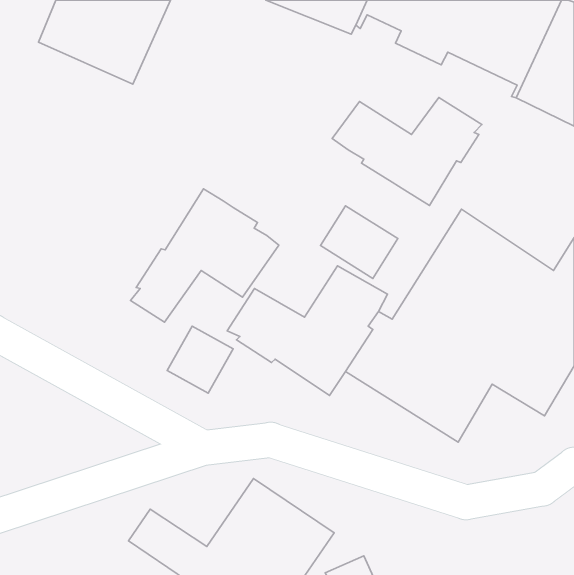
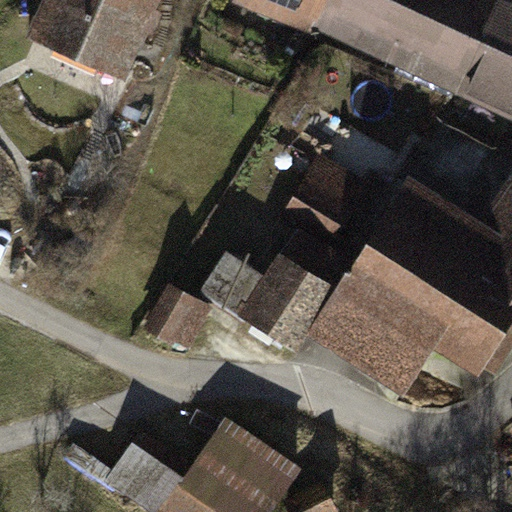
building: [332,97,482,205] -> none
building: [131,189,279,322] -> none

